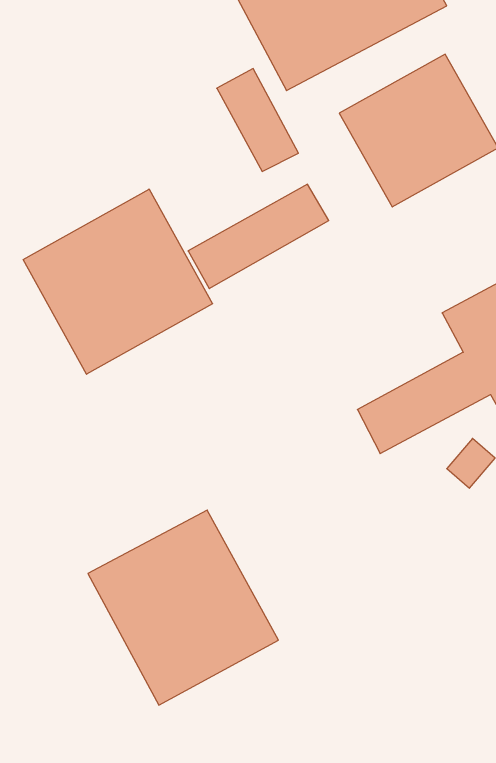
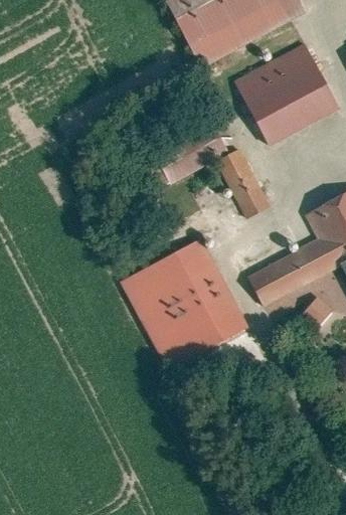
building: [217,69,298,171] -> [216,149,271,217]
building: [23,189,213,374] -> none
building: [88,510,278,705] -> [121,239,247,369]

